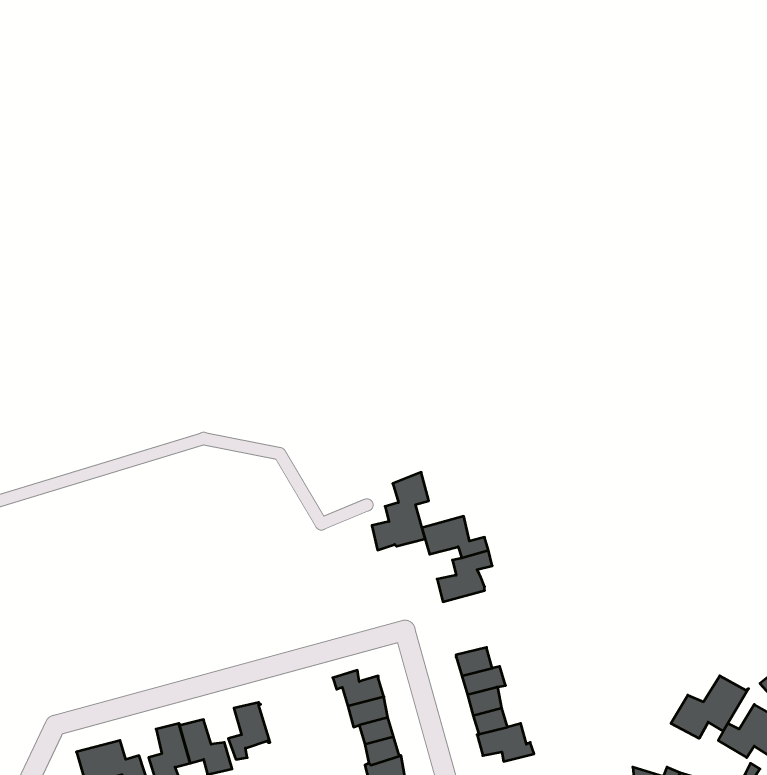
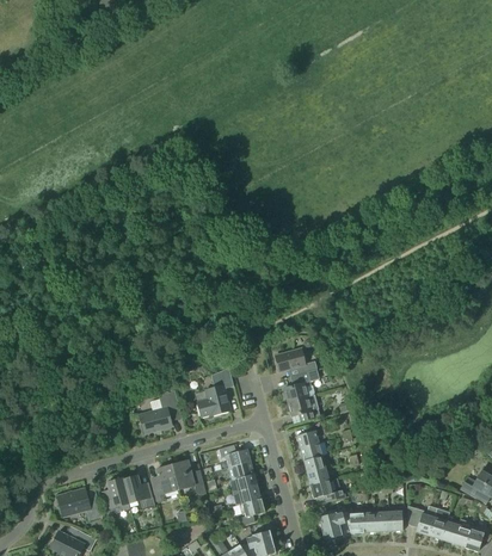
building: [372,472,429,550] -> [197,367,233,416]
building: none -> [140,389,179,433]
building: none -> [288,394,320,419]
building: [671,676,749,738] -> none
building: none -> [172,462,207,494]

